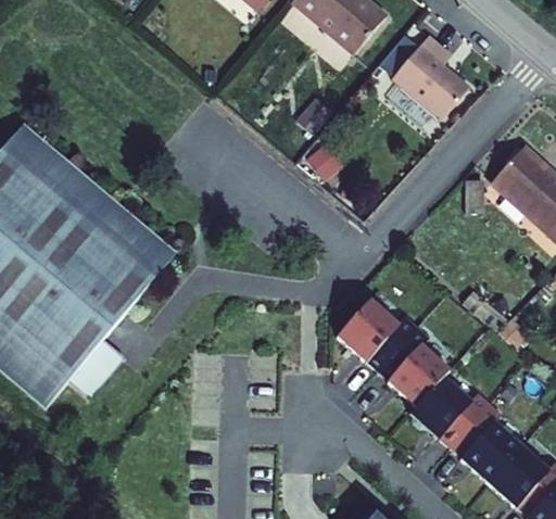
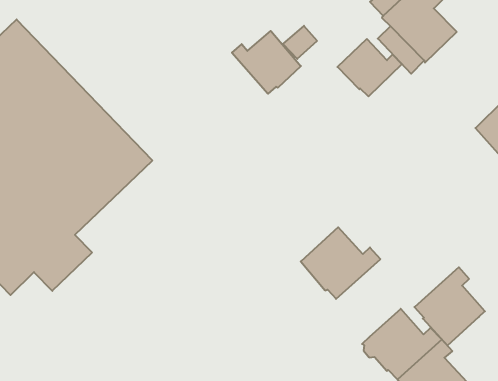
building: none -> [337,39,402,96]
building: none -> [232,31,301,94]
building: [378,328,451,409] -> [414,267,485,345]

